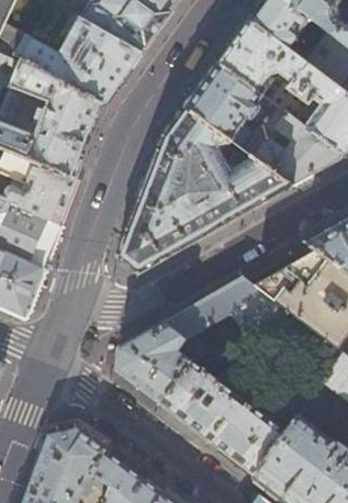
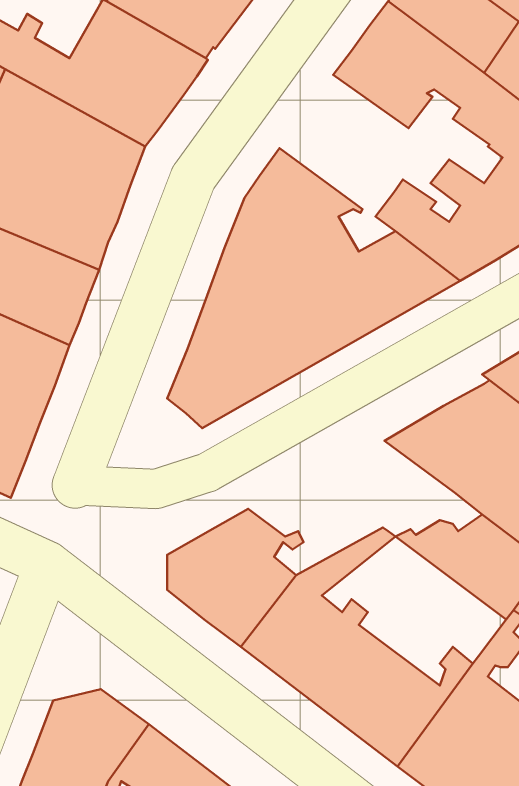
building: [184,62,262,146] -> none
building: [166,277,289,343] -> none

